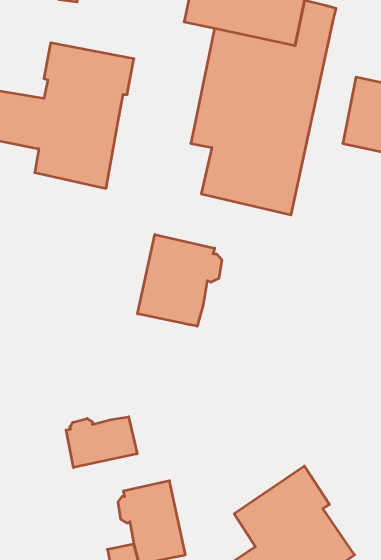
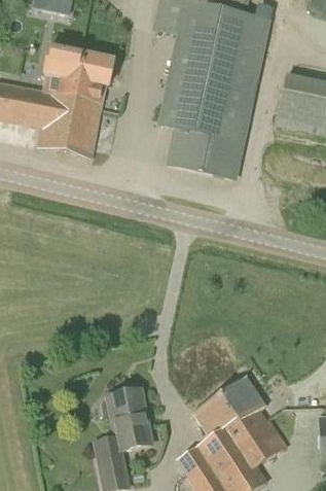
building: [138,234,222,326] -> none
building: [66,417,137,468] -> none

